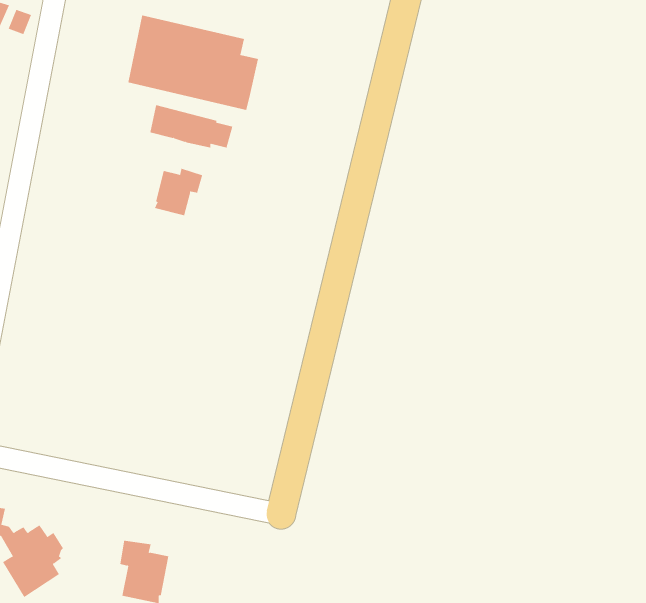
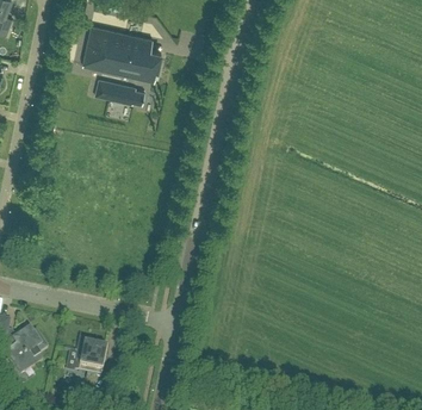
building: [154,168,203,216] -> none

